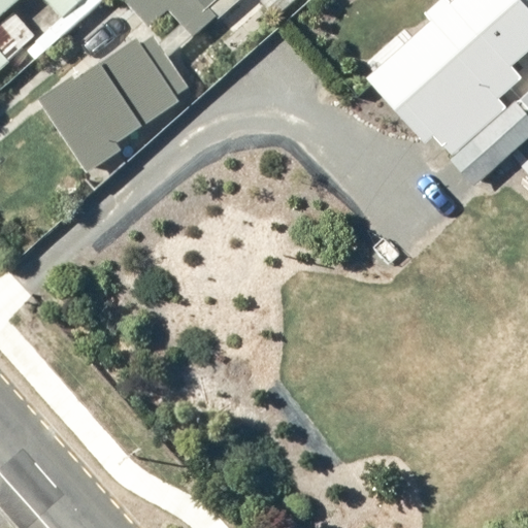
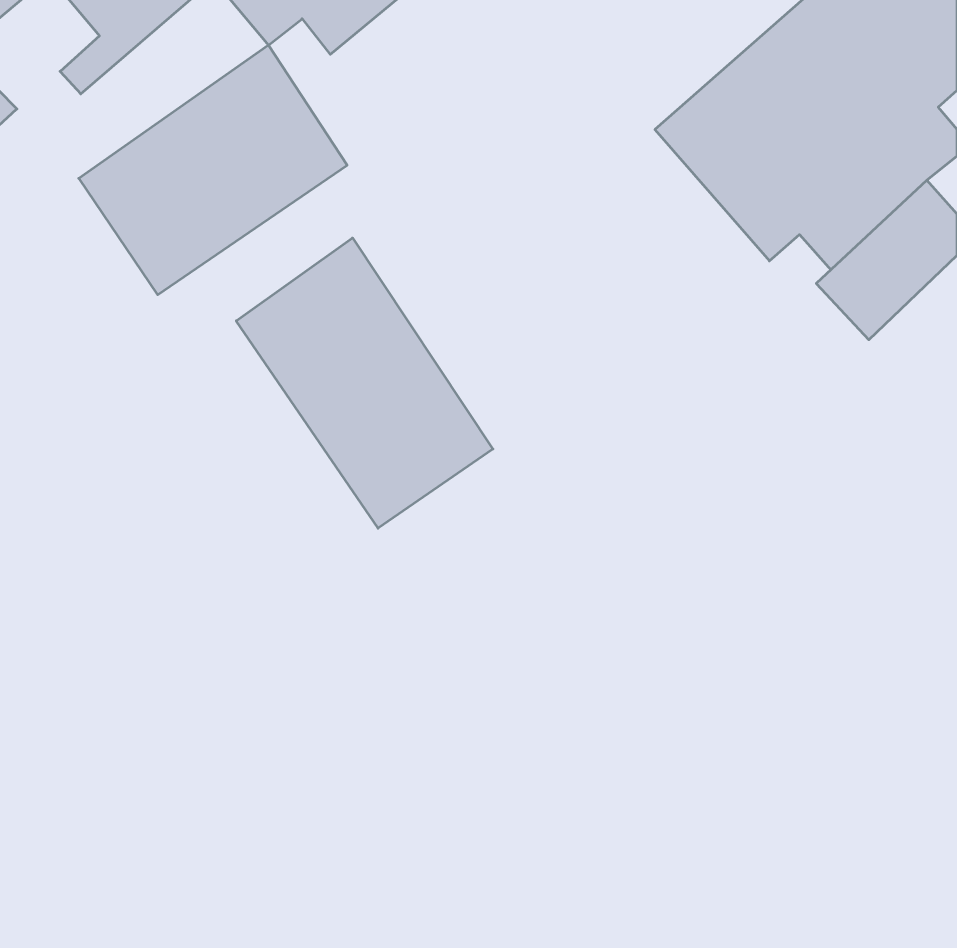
building: none -> [236,238,493,528]

